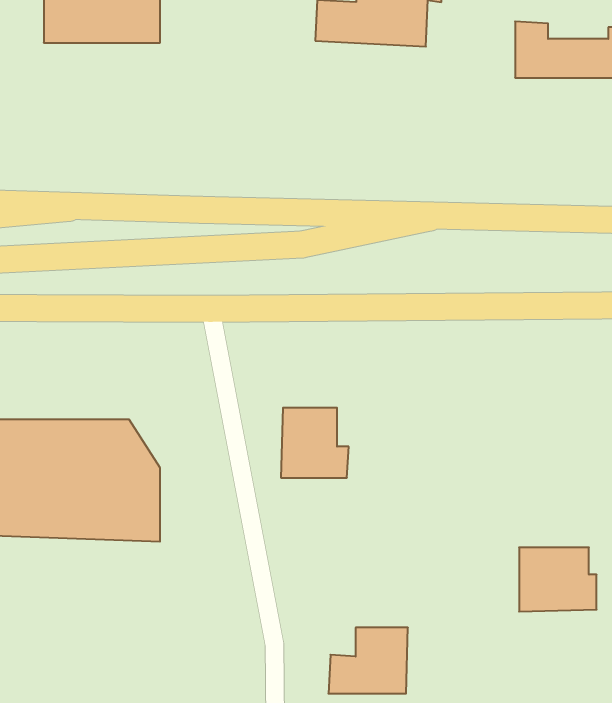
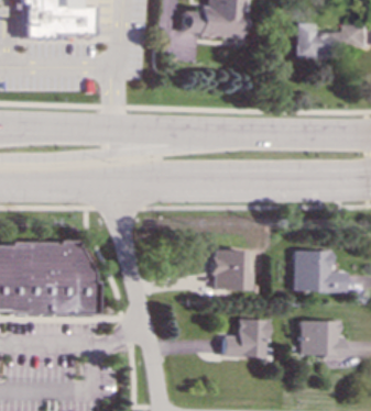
building: [281,408,349,478] -> [212,249,251,289]
building: none -> [292,249,343,291]
building: [328,628,408,694] -> [221,319,266,356]

